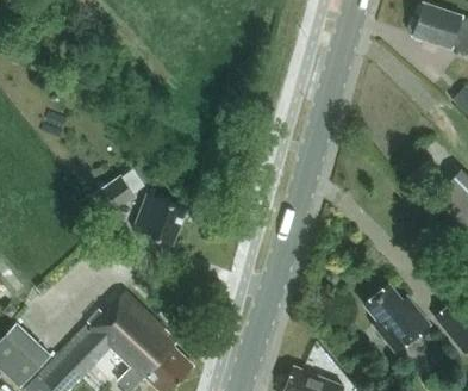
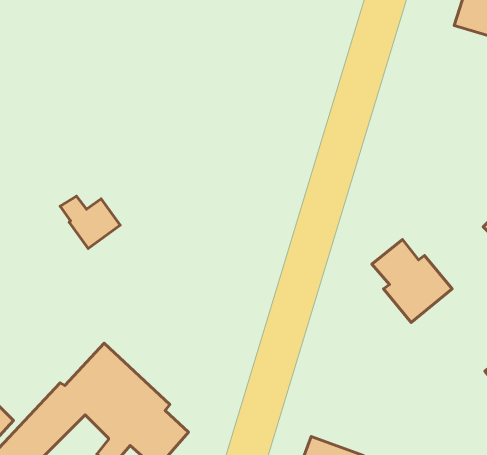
building: [135,196,186,246] -> none
building: [363,281,429,349] -> [372,239,452,322]

